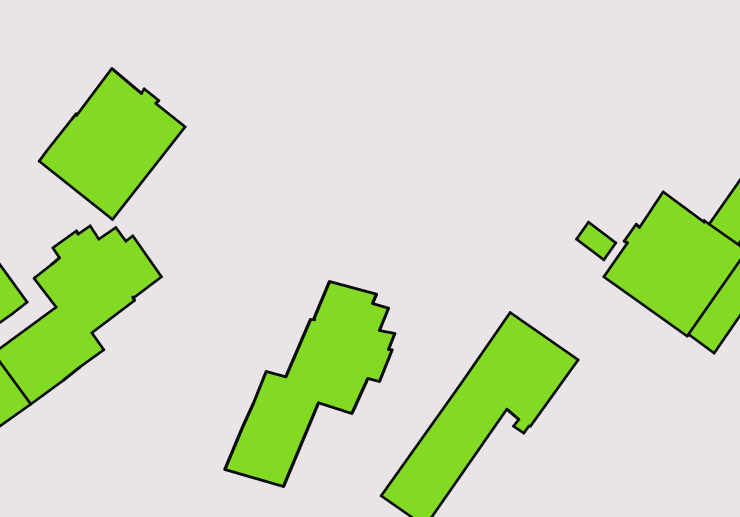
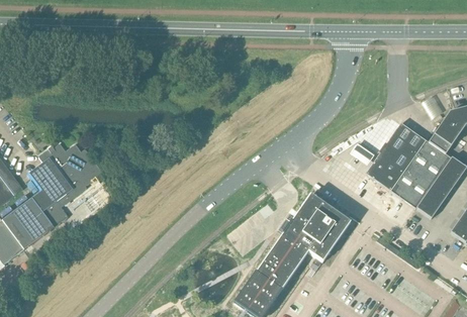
building: [39,69,185,219] -> none
building: [225,282,395,487] -> none

